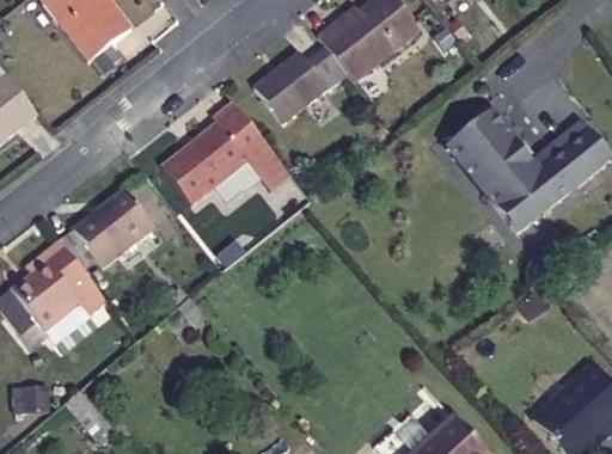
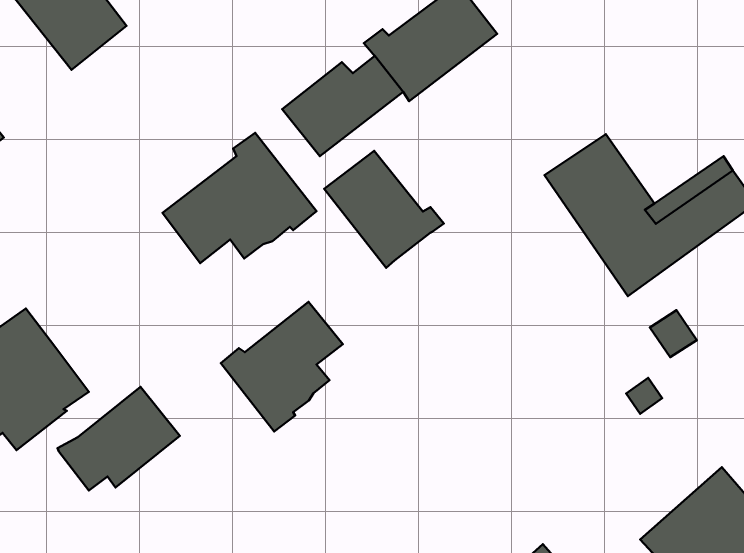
building: none -> [324,151,444,268]
building: [59,189,152,268] -> [57,387,180,491]
building: none -> [221,302,343,432]

